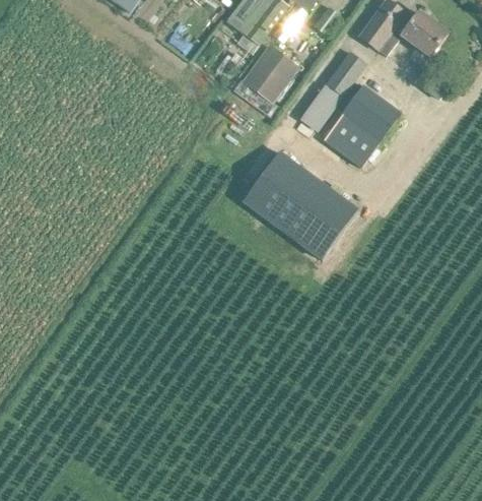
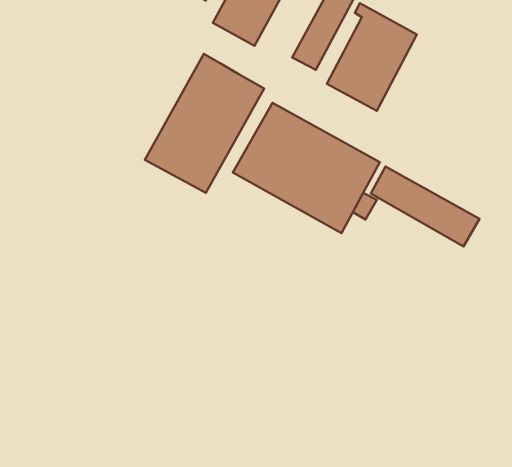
building: none -> [145,54,264,193]
building: none -> [371,166,480,247]

